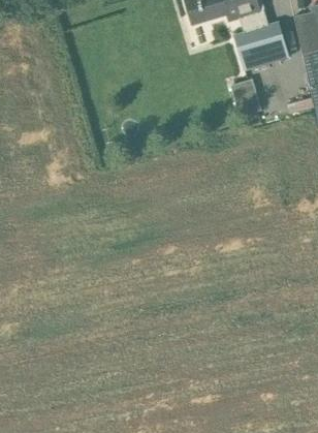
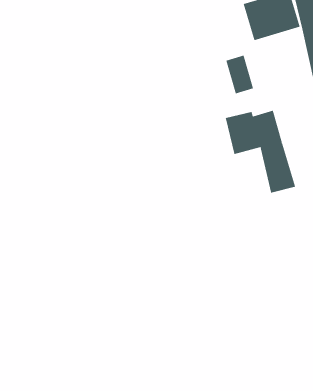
building: none -> [225,110,296,194]

